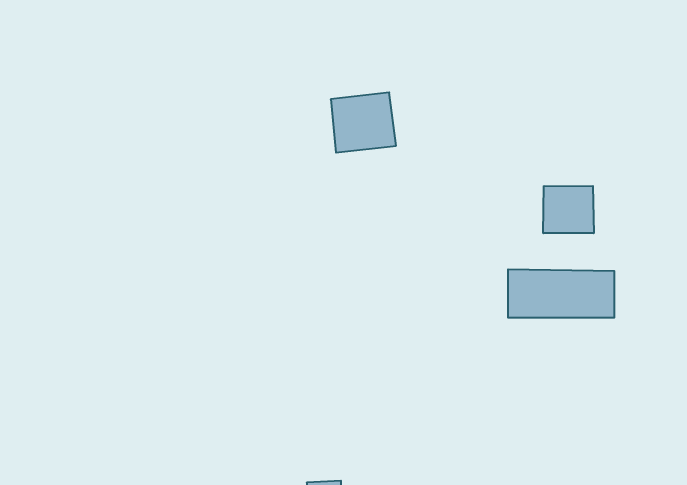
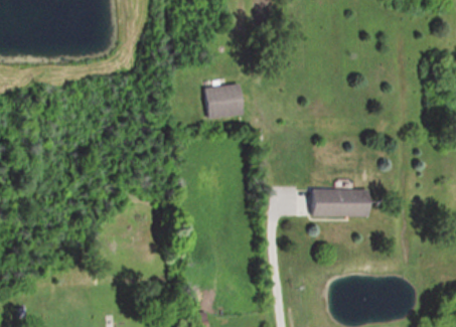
building: [543,186,594,233] -> none

